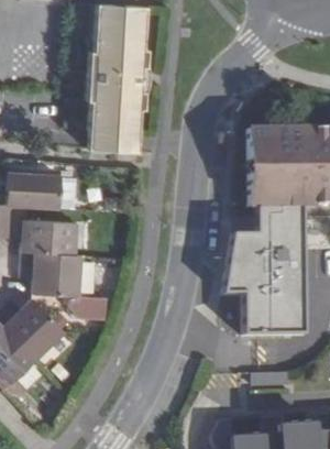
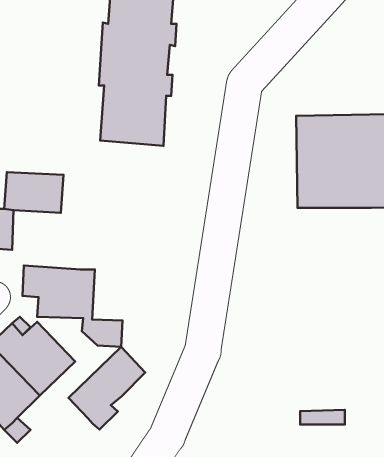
building: [221,202,311,337] -> none
building: [21,219,70,254] -> none
building: none -> [68,347,145,430]

